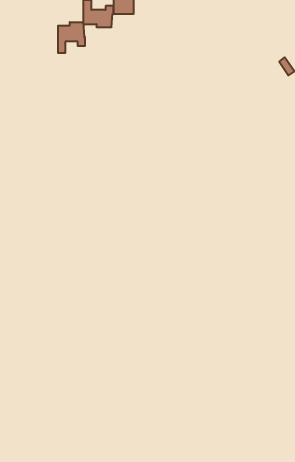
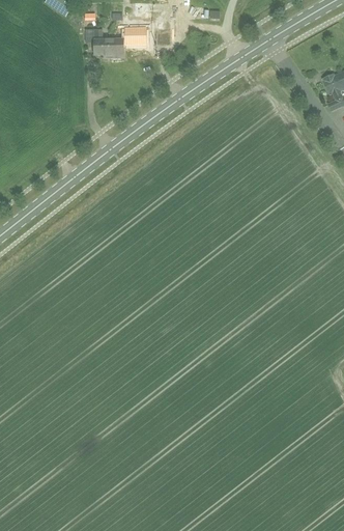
building: [58,22,85,53] -> none

